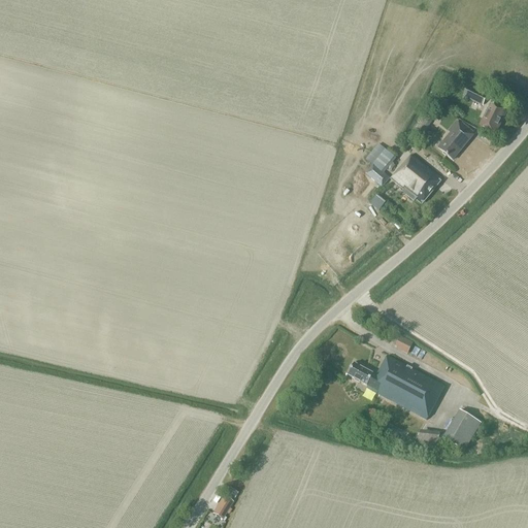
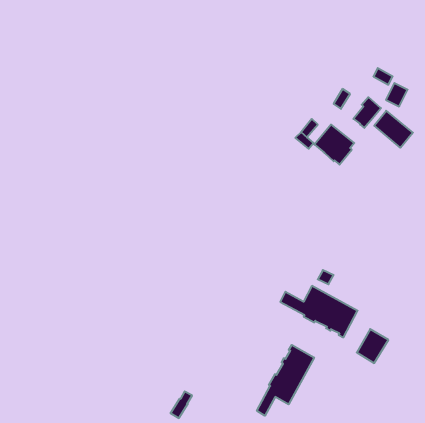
building: none -> [374,111,413,148]
building: none -> [257,345,314,416]

